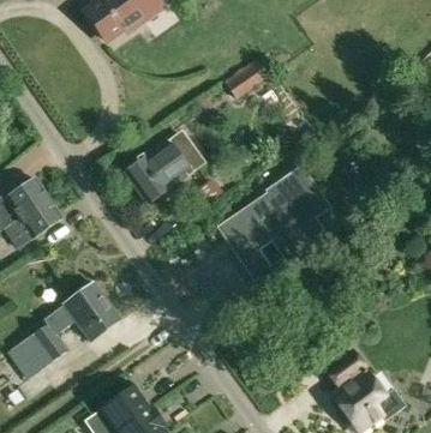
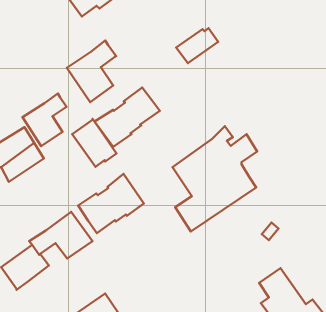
building: none -> [67,41,116,102]
building: none -> [23,94,67,146]
building: none -> [72,119,116,167]
building: none -> [78,174,144,233]

